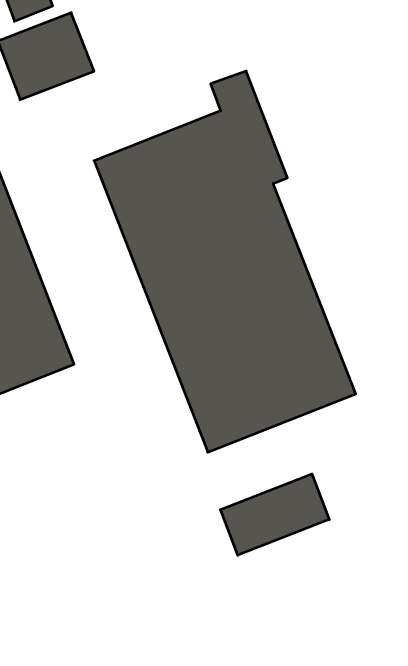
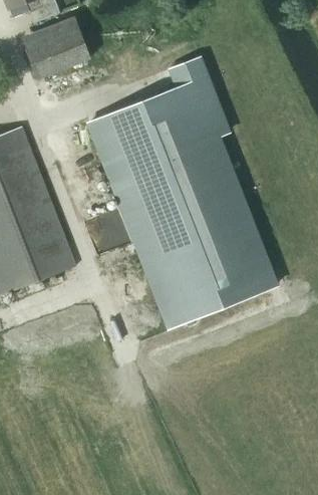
building: [220,474,329,555] -> none

